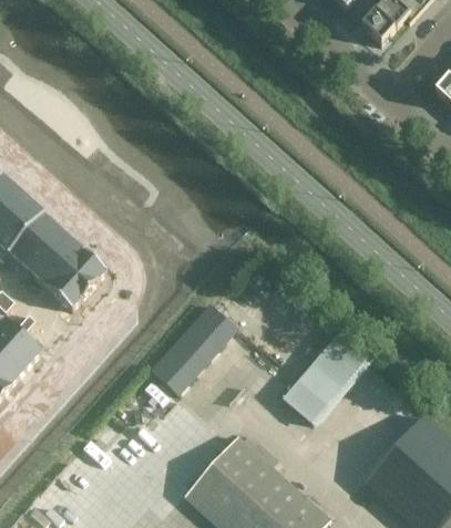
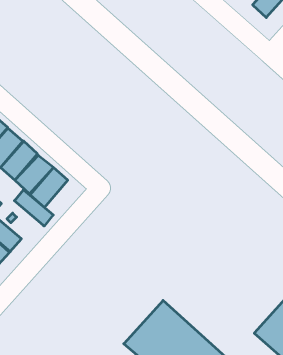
building: none -> [14,190,53,226]
building: [152,304,237,394] -> none
building: [284,331,369,423] -> none

